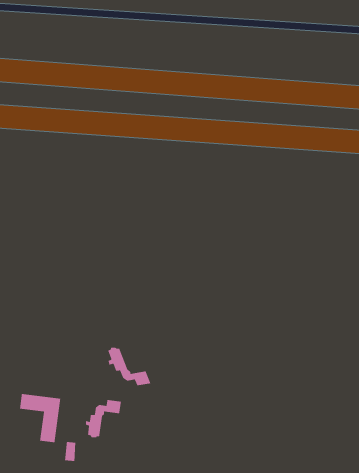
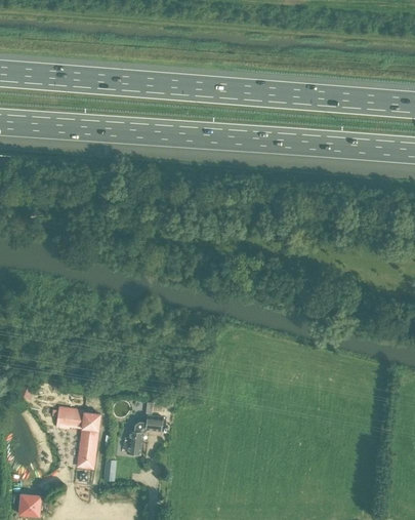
building: [107,347,151,386] -> none

